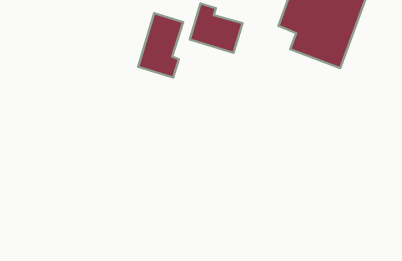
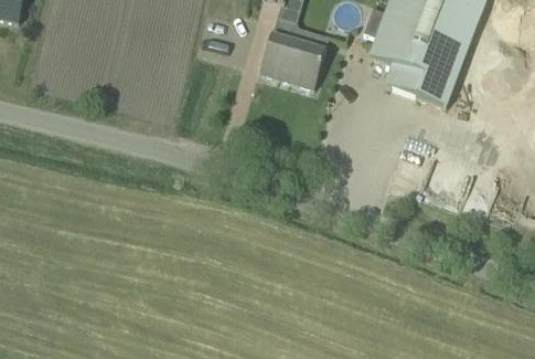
building: [138,13,183,78] -> none

